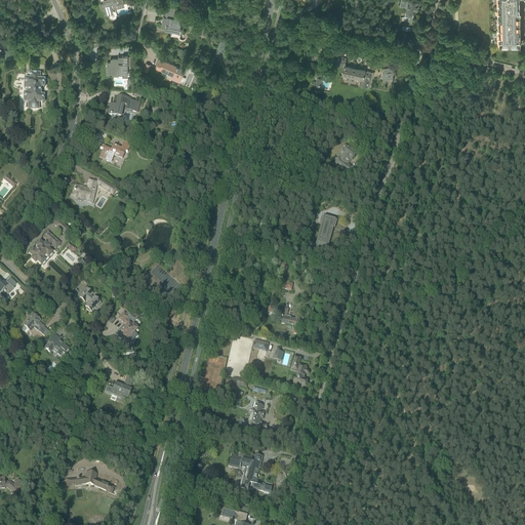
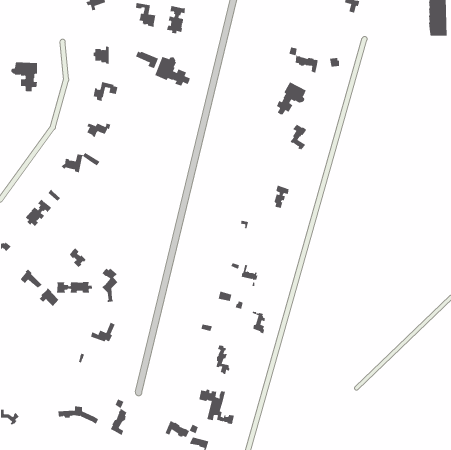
building: none -> [166,5,185,34]
building: none -> [154,56,190,86]
building: none -> [276,81,306,115]
building: none -> [56,281,92,294]
building: none -> [110,398,127,436]
building: none -> [165,420,199,438]

